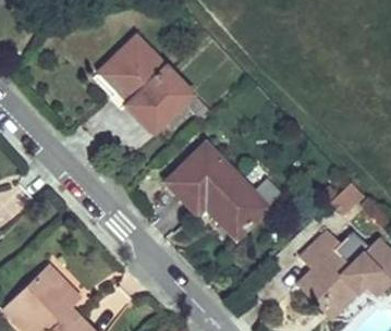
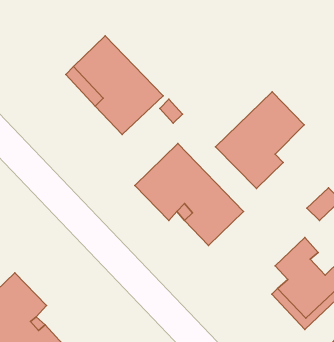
building: none -> [215,92,304,189]

